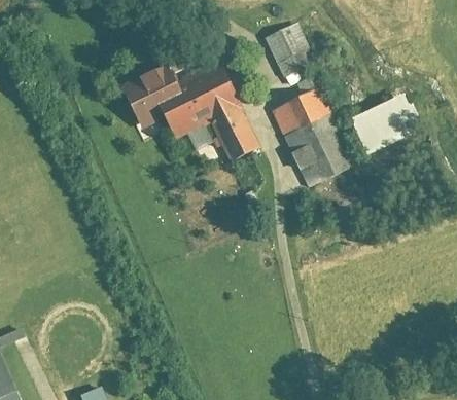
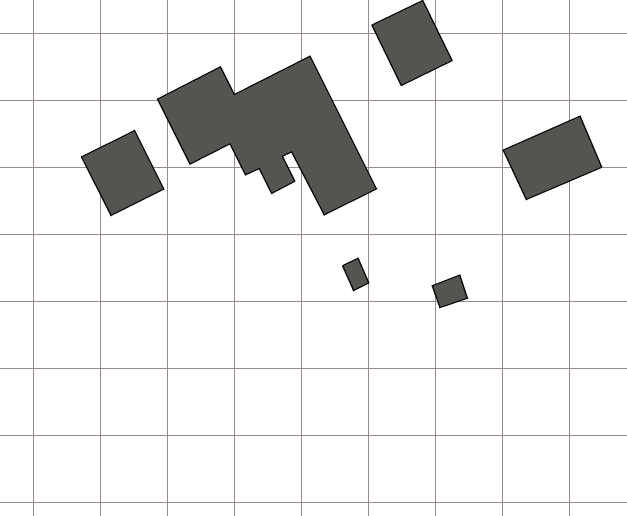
building: [273,90,352,185] -> none
building: none -> [82,130,164,216]

